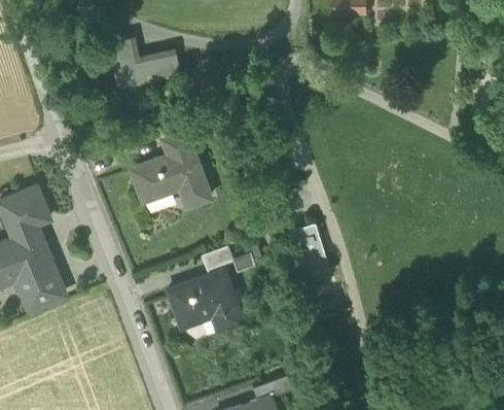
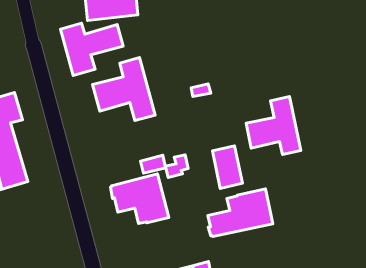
building: none -> [60,23,123,76]
building: none -> [246,97,301,154]
building: none -> [208,189,273,236]

